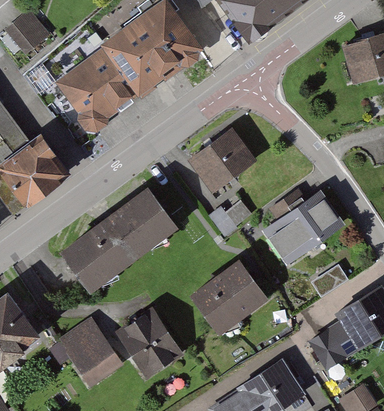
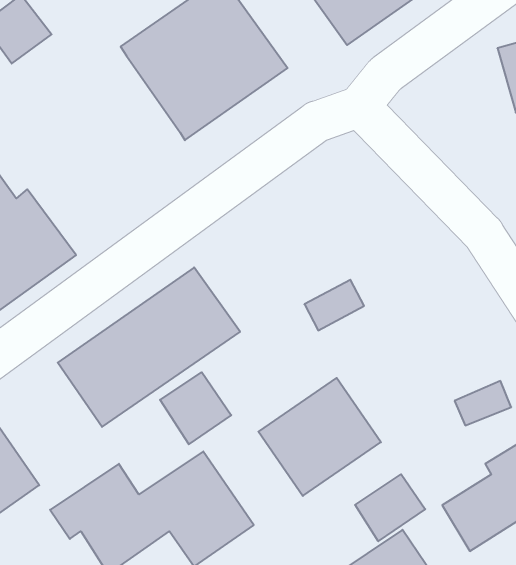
building: [53,50,136,134] -> none
building: [191,125,259,190] -> none
building: [265,184,348,260] -> none
building: none -> [160,372,231,444]
building: none -> [355,474,425,541]

